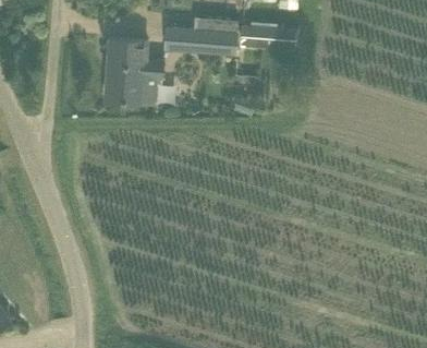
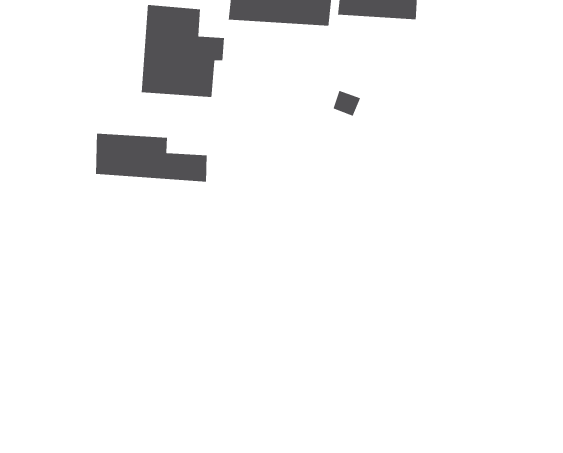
building: none -> [95,133,207,183]

